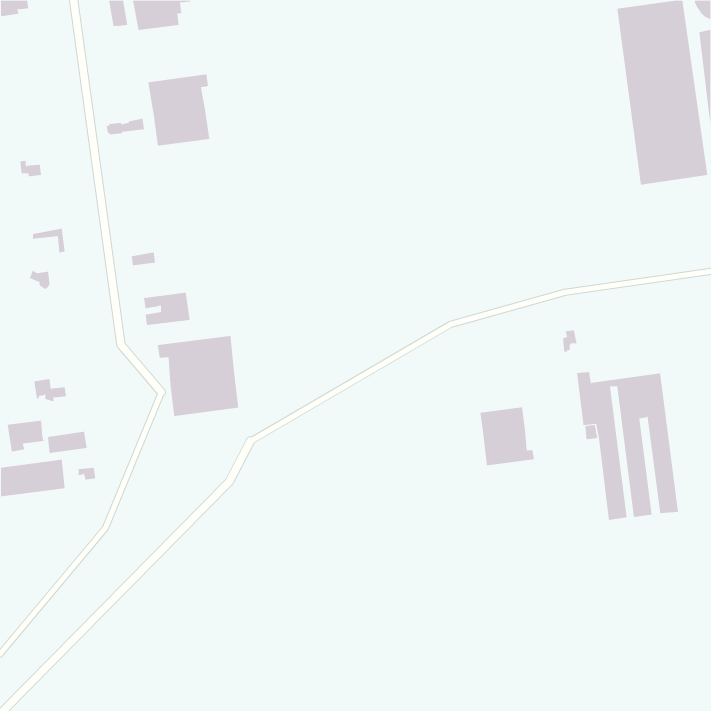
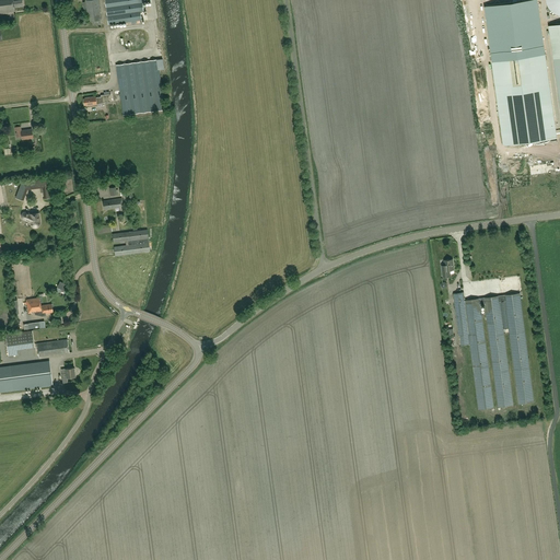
building: [157,335,239,417] -> none
building: [480,406,535,466] -> none

